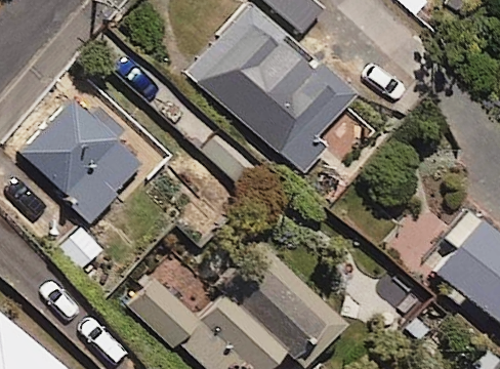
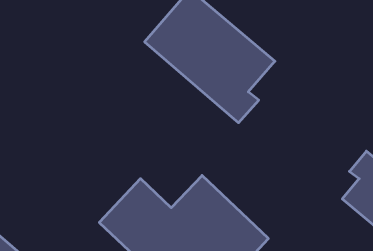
building: [19,78,171,219] -> none

